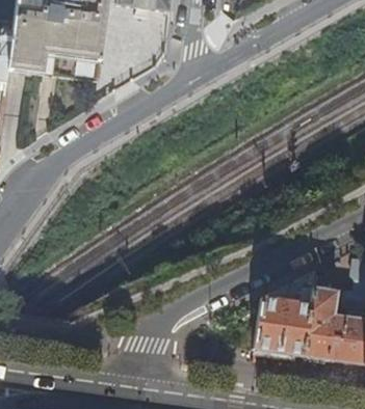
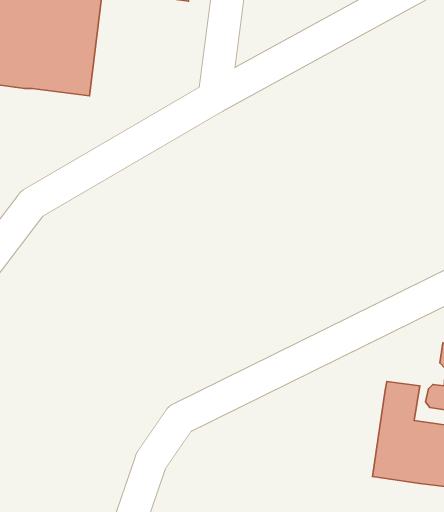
building: [254,277,313,353] -> none

